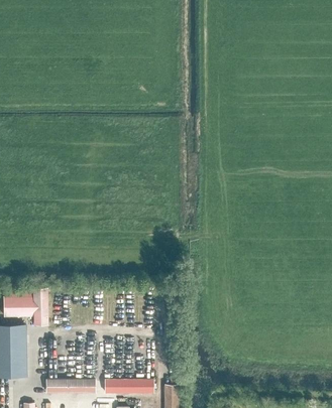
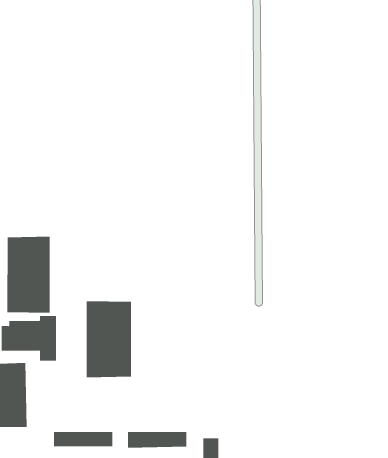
building: none -> [7,236,50,313]
building: none -> [86,300,132,378]

